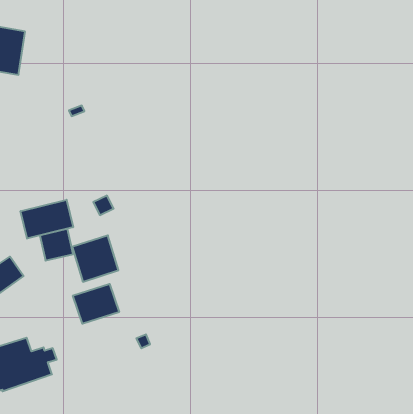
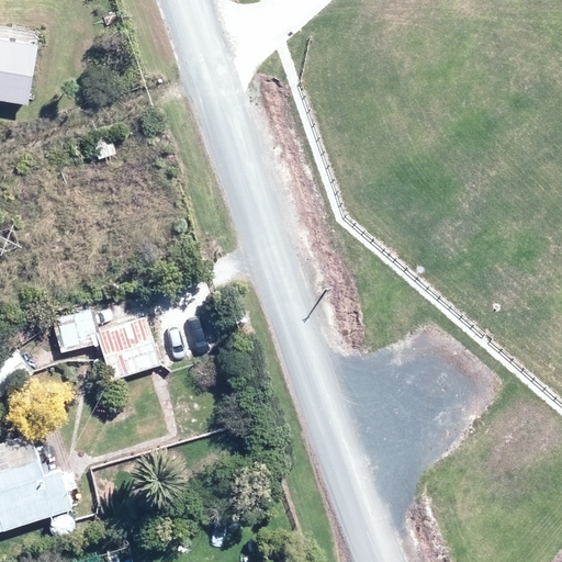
building: [21,200,73,239] -> none
building: [73,284,119,324] -> none

